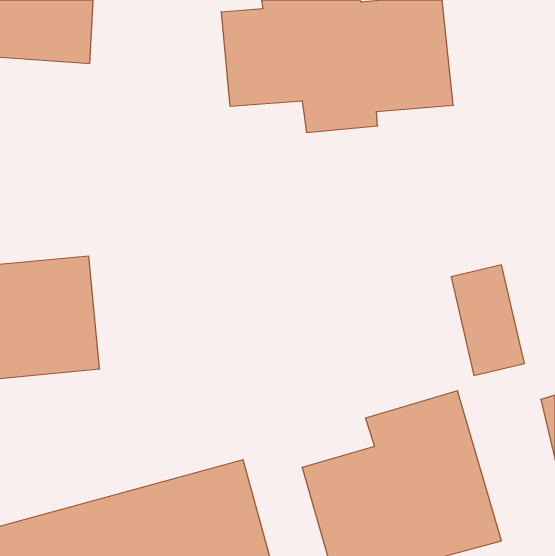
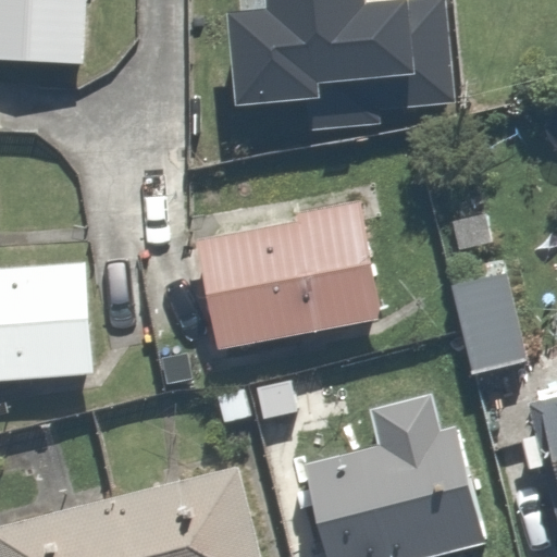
building: none -> [186,178,387,354]

